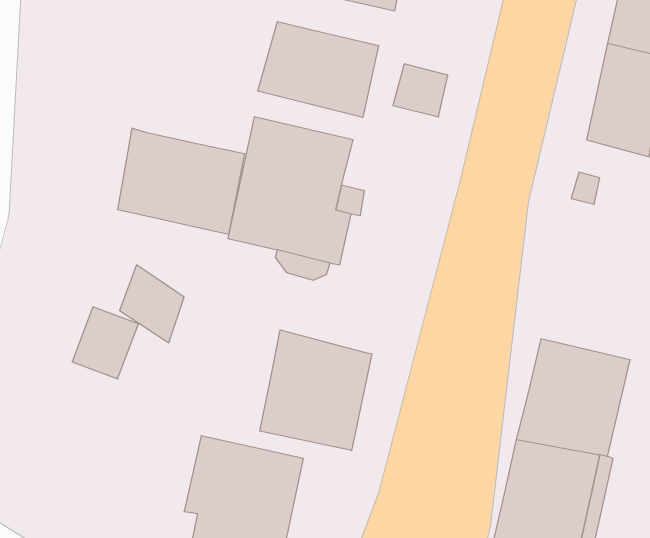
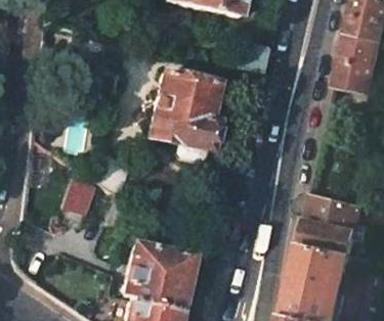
building: [258,21,378,117] -> none
building: [118,128,245,234] -> none
building: [260,330,372,451] -> none

